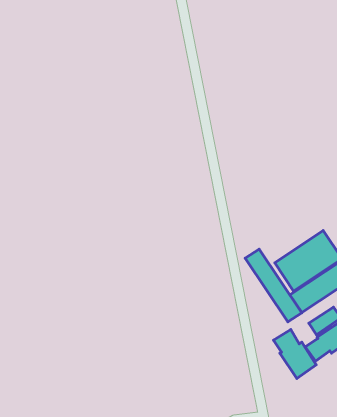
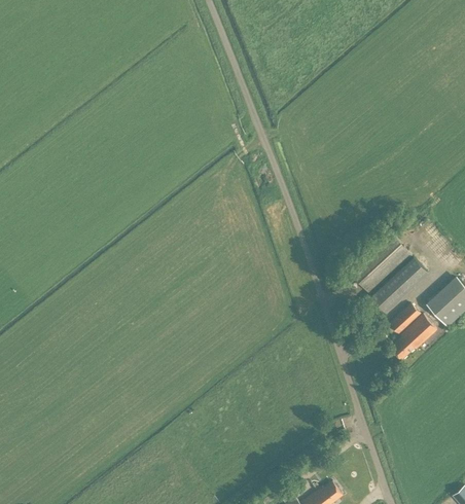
building: [245,249,302,322] -> none
building: [273,330,316,379] -> none

